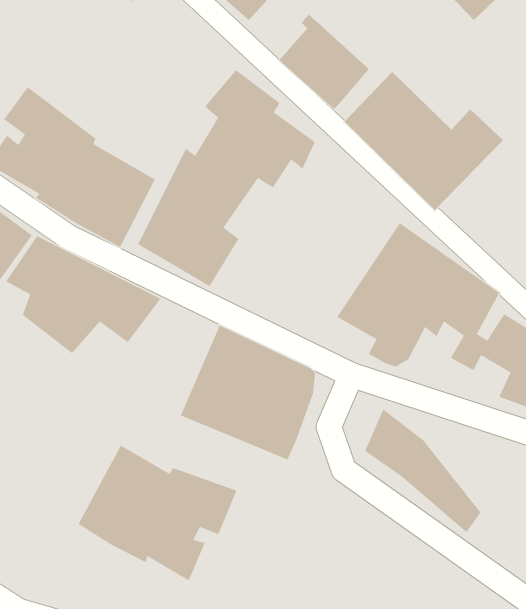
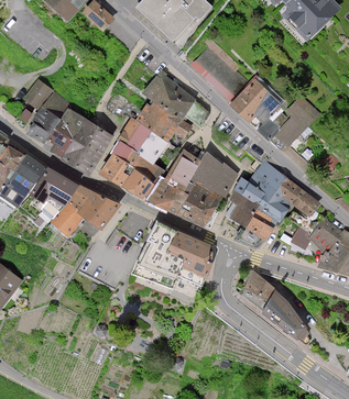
building: none -> [151,149,235,226]
building: [78,444,237,581] -> none

